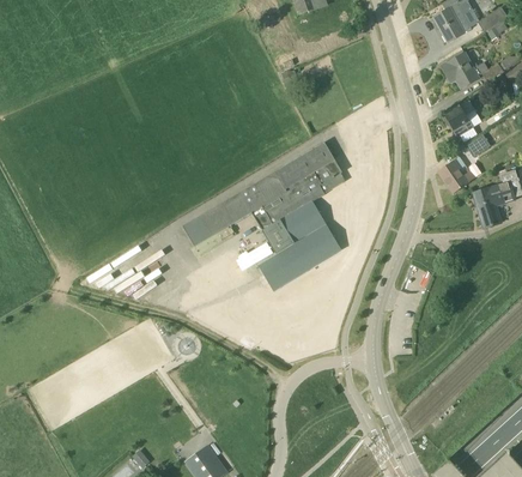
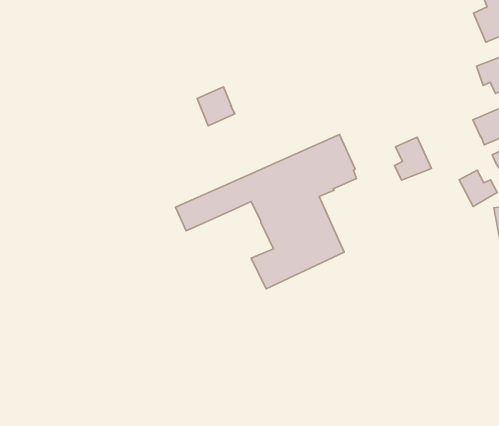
building: none -> [197,87,235,126]
building: none -> [395,137,431,180]

